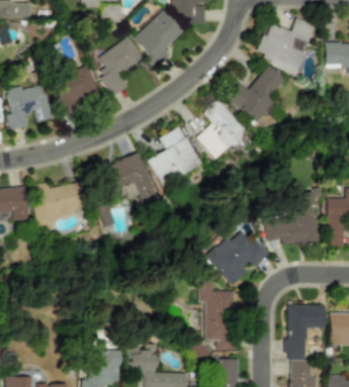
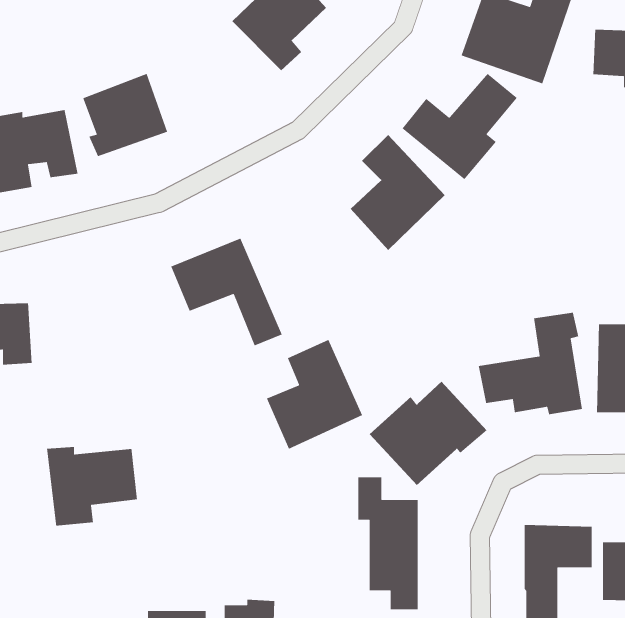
building: [98,36,144,96] -> none
building: [149,126,200,185] -> [266,339,363,450]
building: [31,183,80,225] -> [46,446,138,527]

